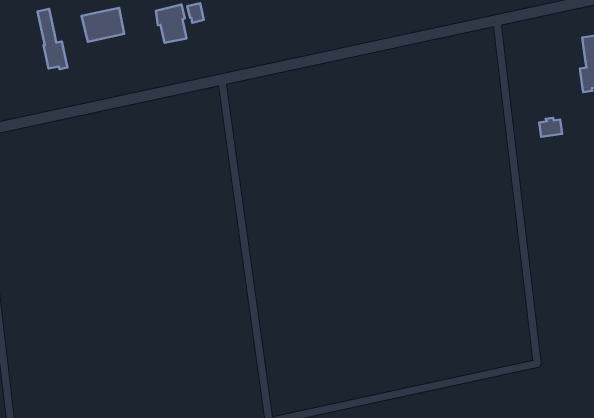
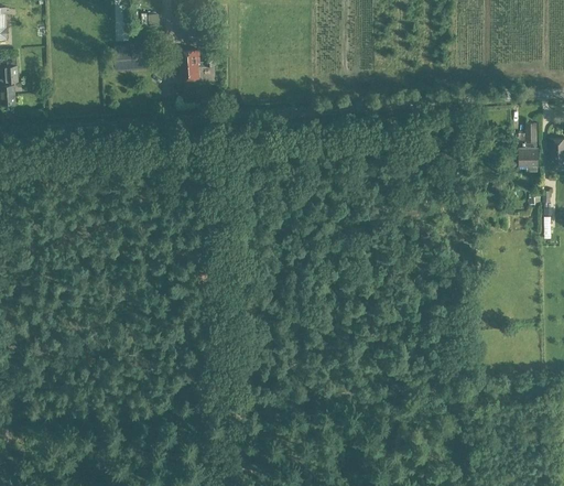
building: [38,9,68,69] -> none

